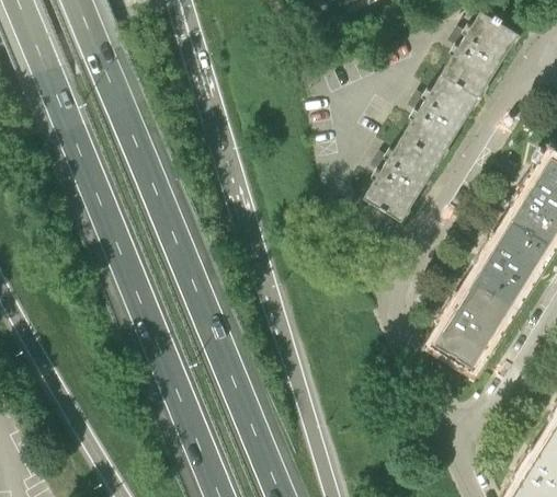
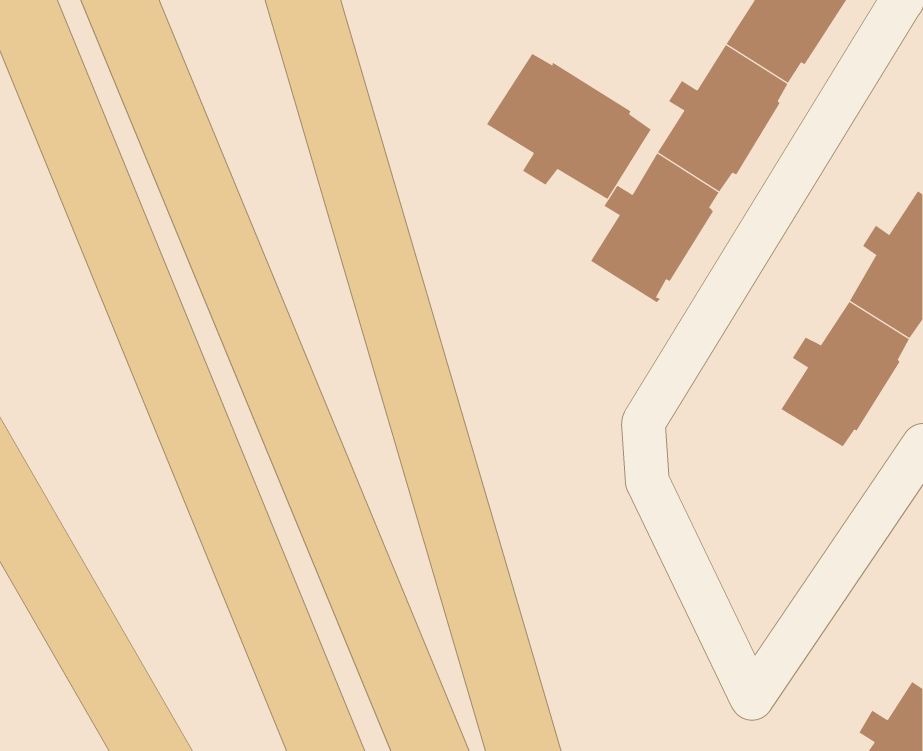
building: none -> [486,53,652,200]
building: [435,281,510,367] -> none

